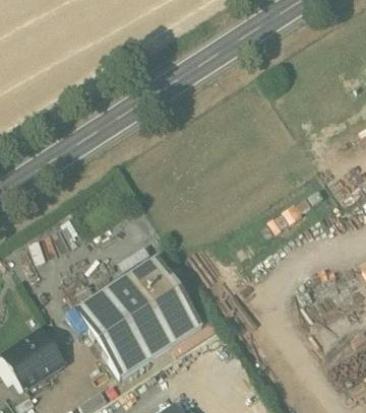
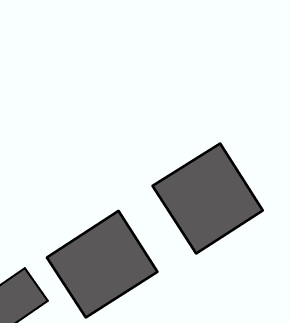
building: none -> [153,144,263,253]

